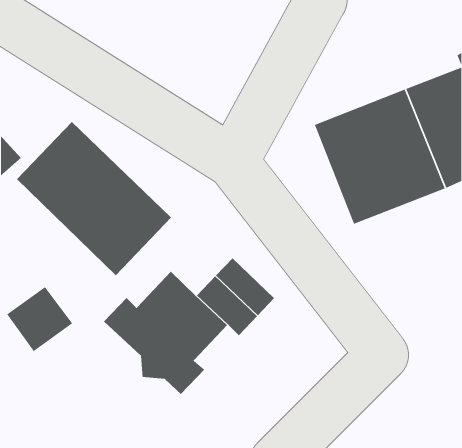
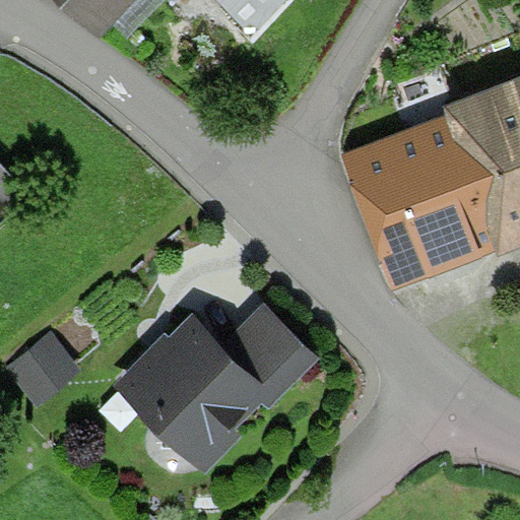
building: [16,121,172,276] -> none

